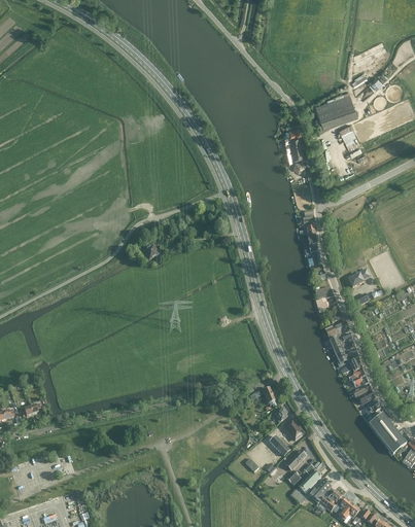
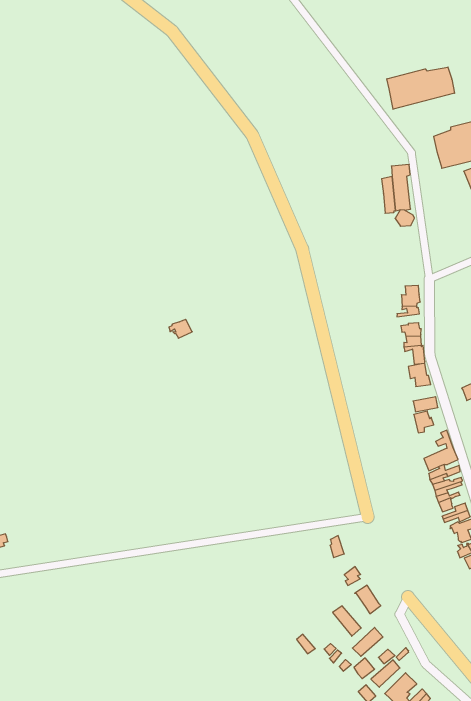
building: none -> [387,67,455,109]

